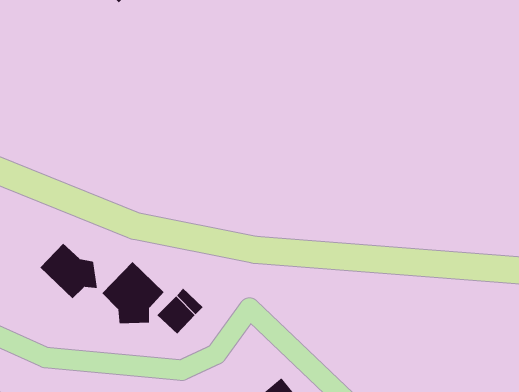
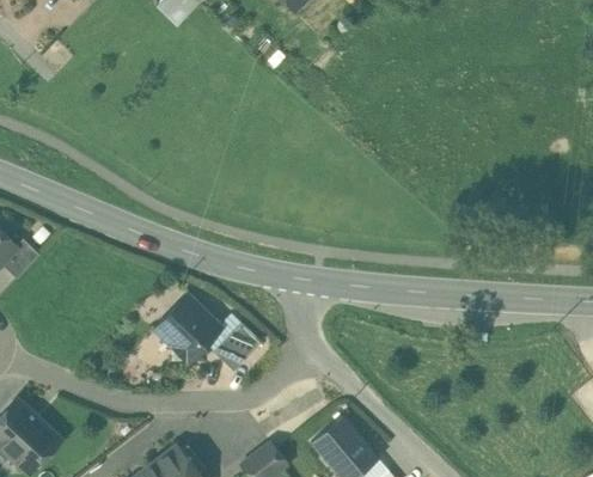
building: [39,243,98,299] -> none

